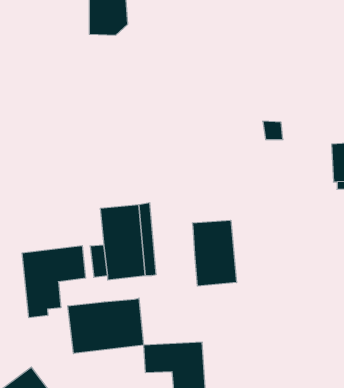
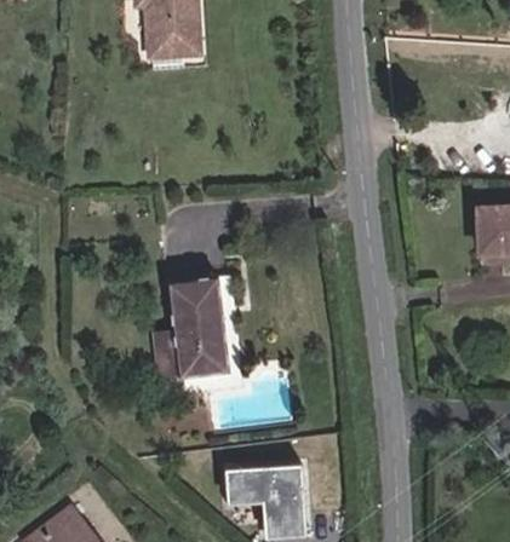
building: [192,220,237,286] -> none
building: [22,246,86,318] -> none
building: [68,298,143,354] -> none

